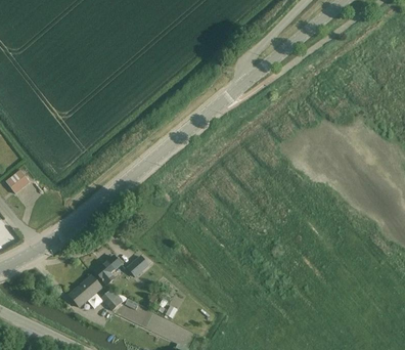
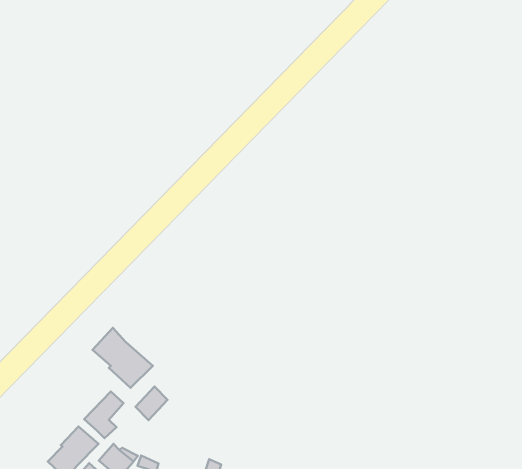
building: none -> [92,328,153,388]

